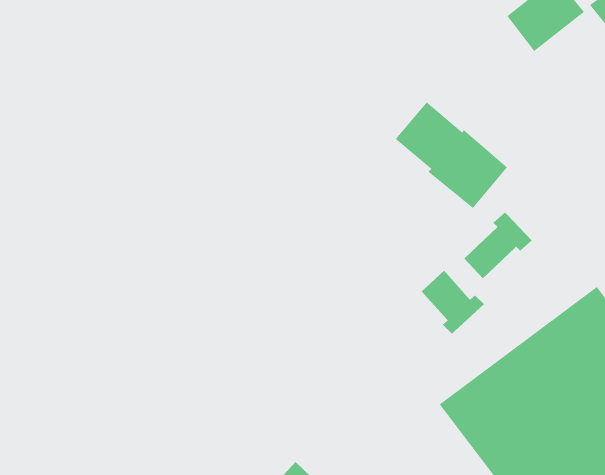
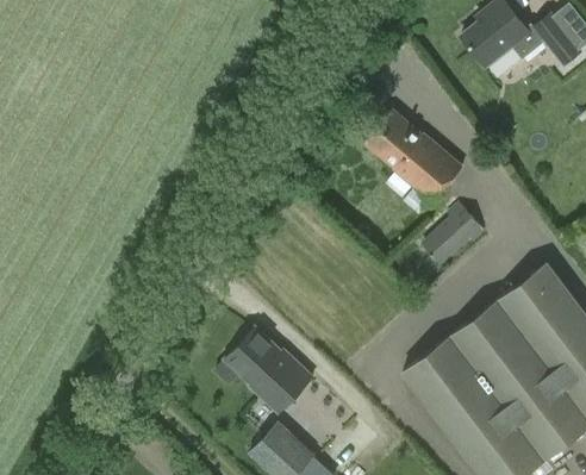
building: [421,270,485,335] -> none
building: none -> [216,329,313,414]

